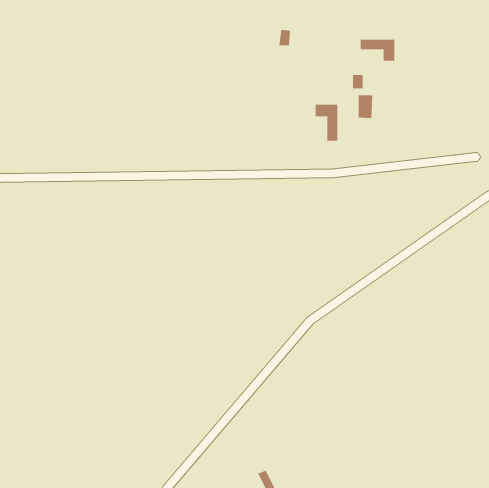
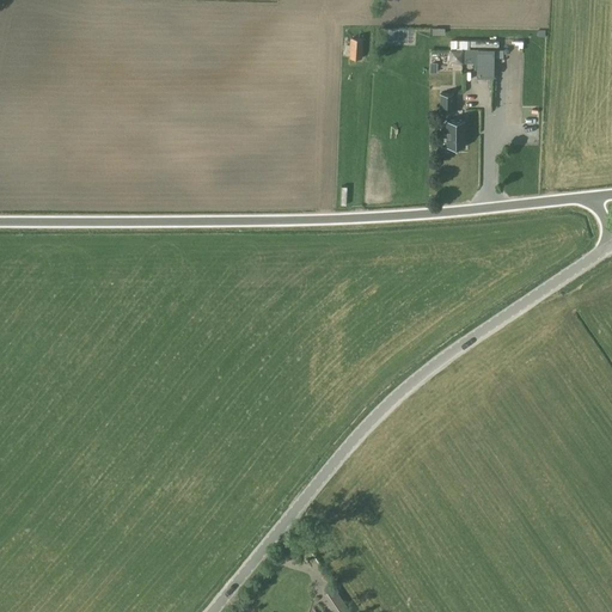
building: [315,104,338,142] -> none

